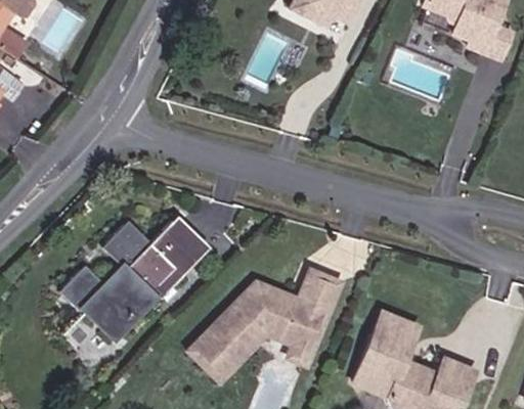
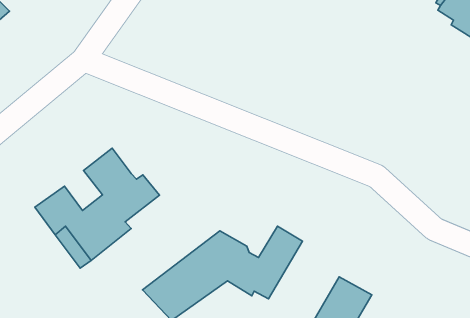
building: [157,215,210,262] -> none

